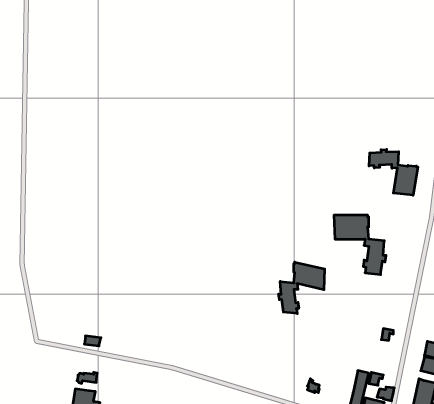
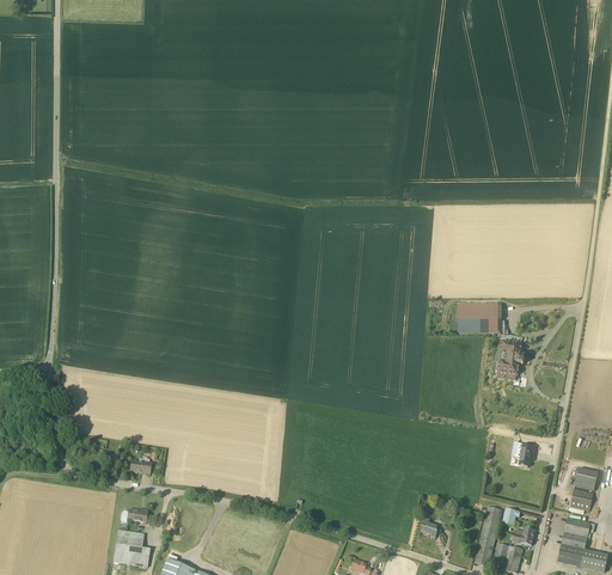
building: [369,149,418,195] -> none
building: [279,262,325,314] -> none

